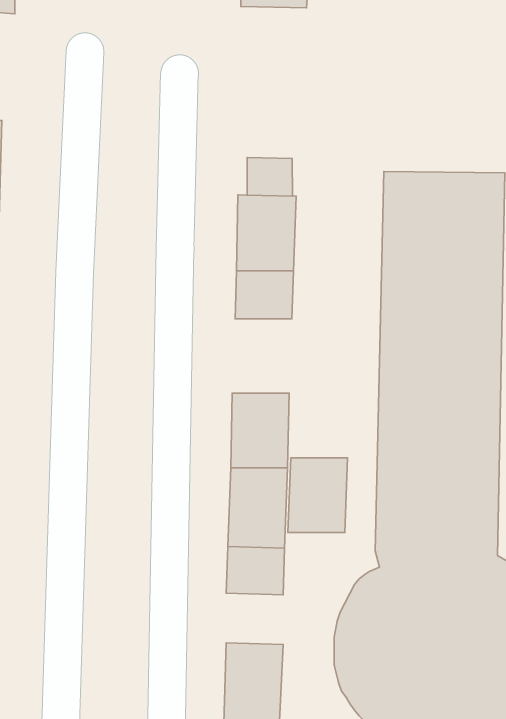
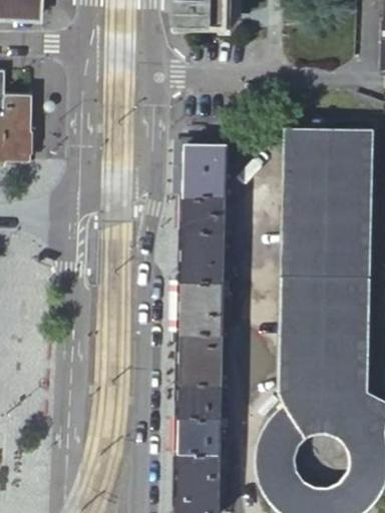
building: [247,157,293,196] -> none
building: [288,458,348,532] -> [182,230,224,282]
building: none -> [178,419,218,454]

